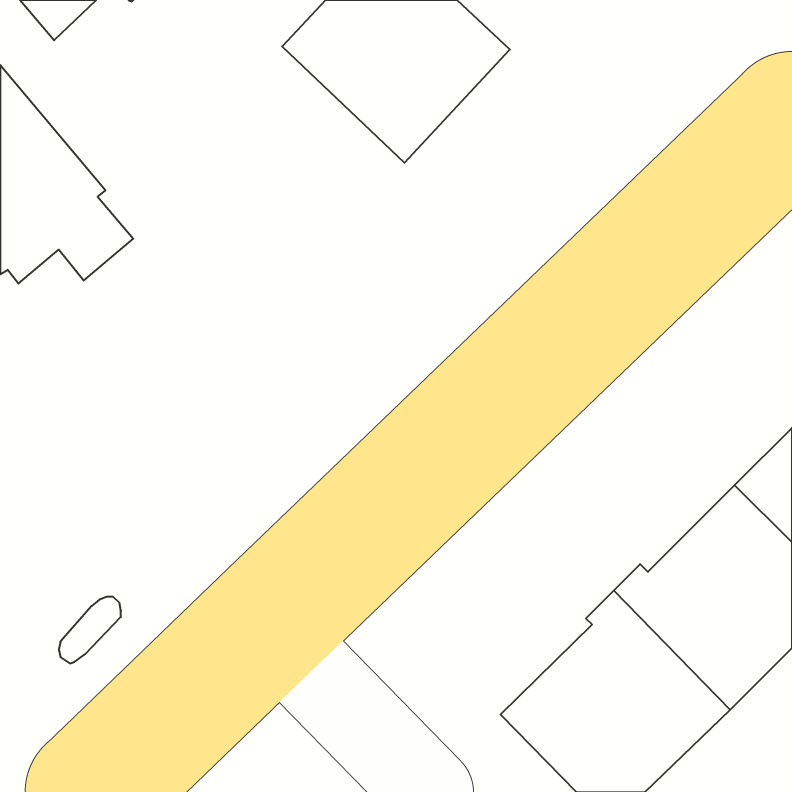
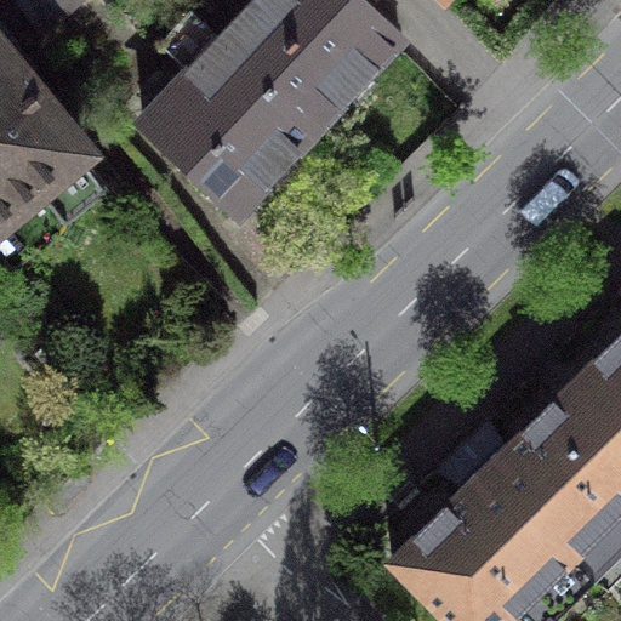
building: none -> [142,36,317,209]

